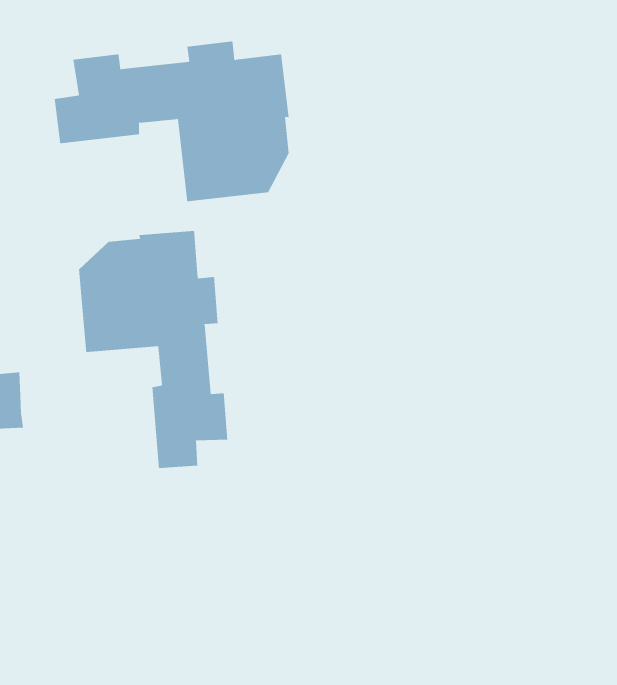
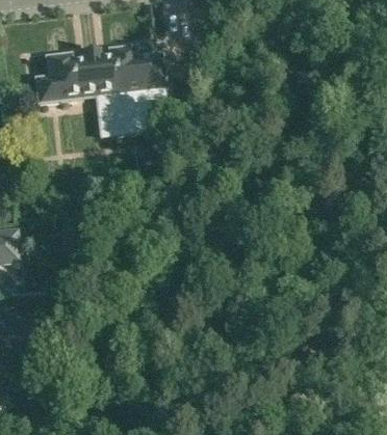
building: [79,230,228,469] -> none

